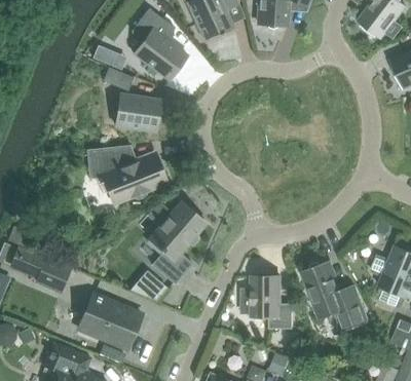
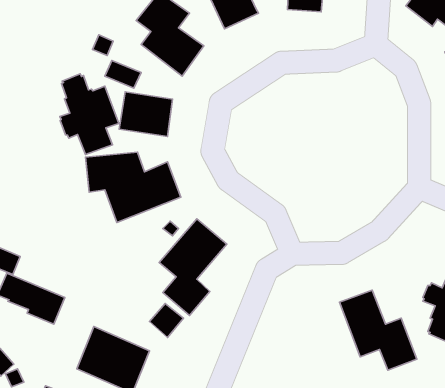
building: none -> [60,74,119,155]
building: [252,274,293,328] -> none

